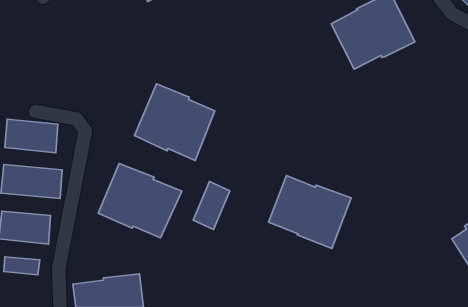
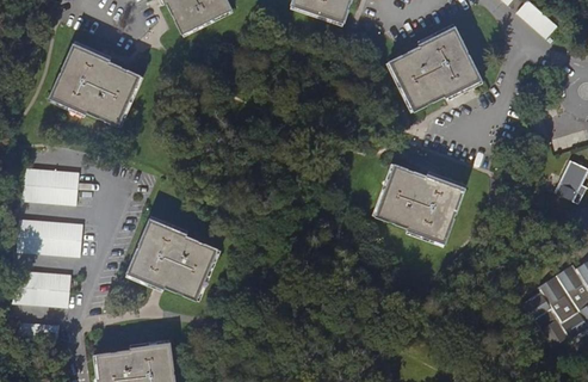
building: none -> [48,42,141,127]
building: [134,84,215,160] -> none
building: [268,175,351,249] -> [373,162,466,245]
building: [193,182,230,230] -> none

